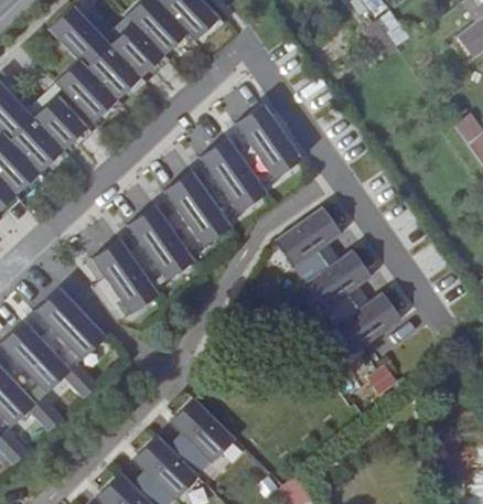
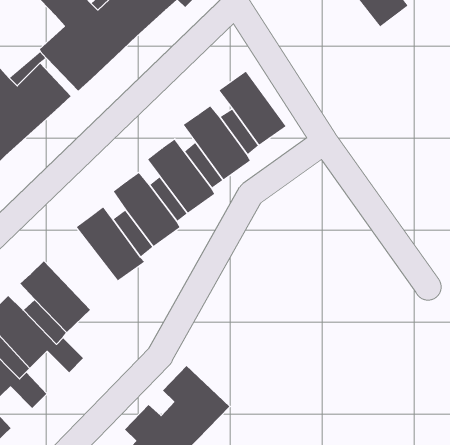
building: [272,202,401,351] -> none

